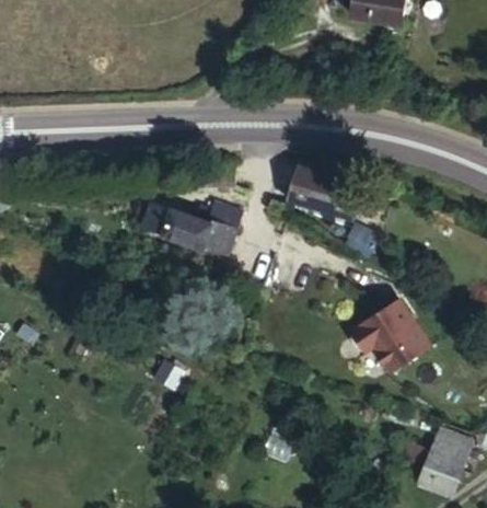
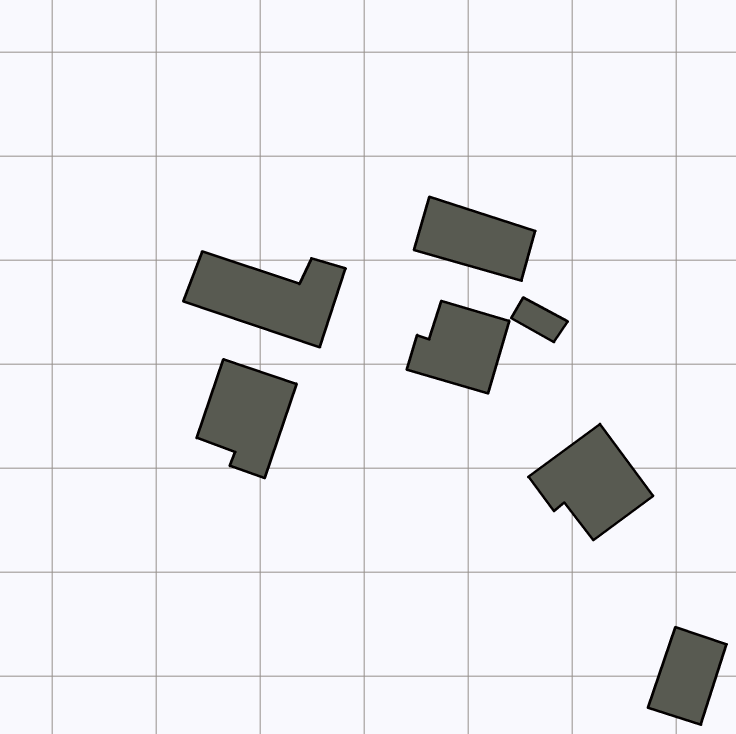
building: none -> [407,301,509,393]
building: none -> [197,359,296,478]

